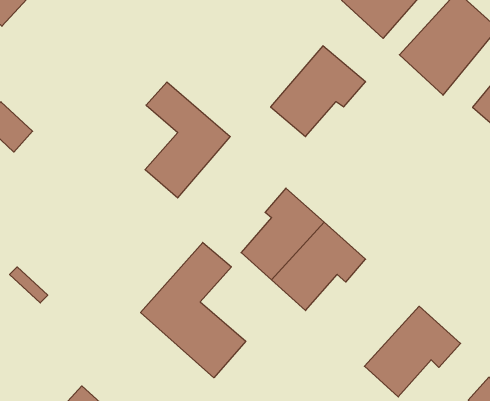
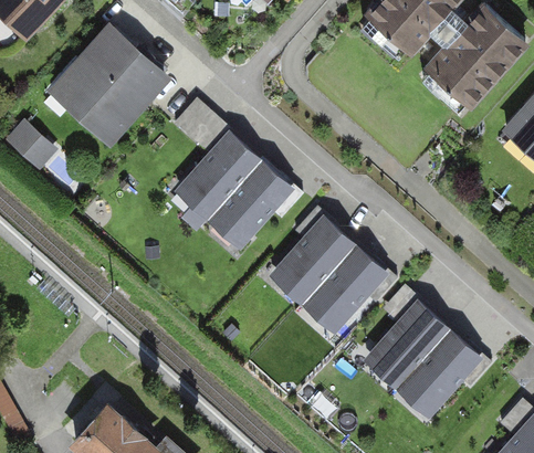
building: none -> [48,27,169,148]
building: [271,46,366,137] -> [205,155,301,246]
building: [141,242,246,378] -> none
building: none -> [360,286,449,387]

